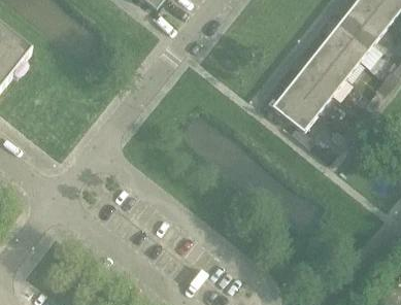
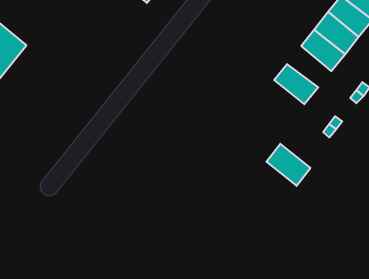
building: [300,52,345,94] -> none
building: [272,87,318,130] -> [266,144,310,186]

